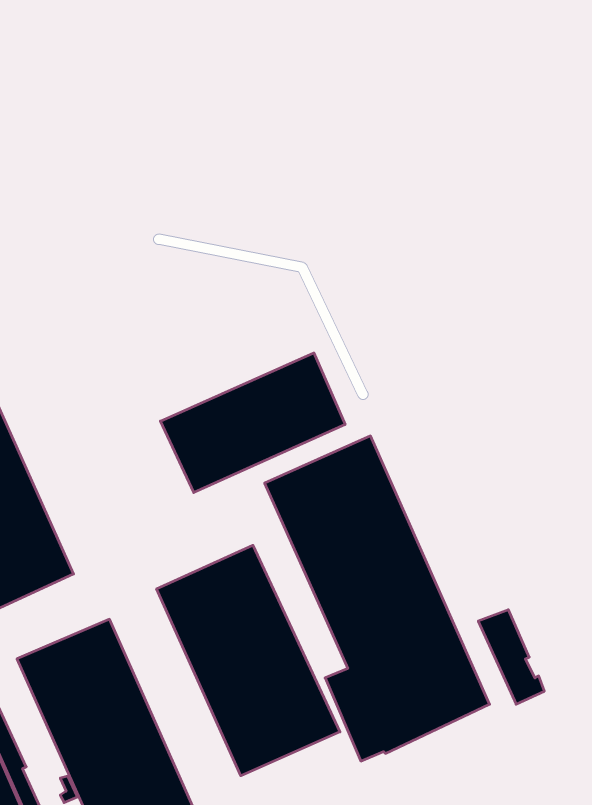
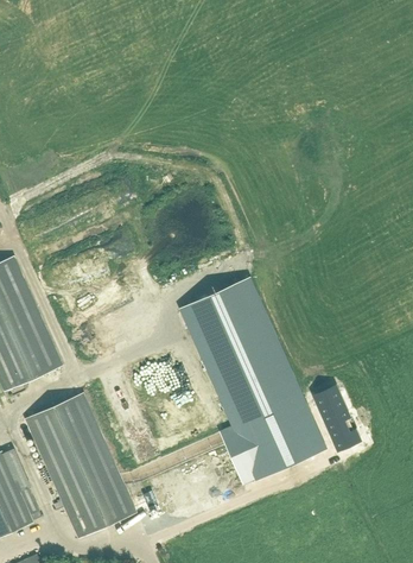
building: [160,353,345,493] -> none
building: [157,545,340,776] -> none

